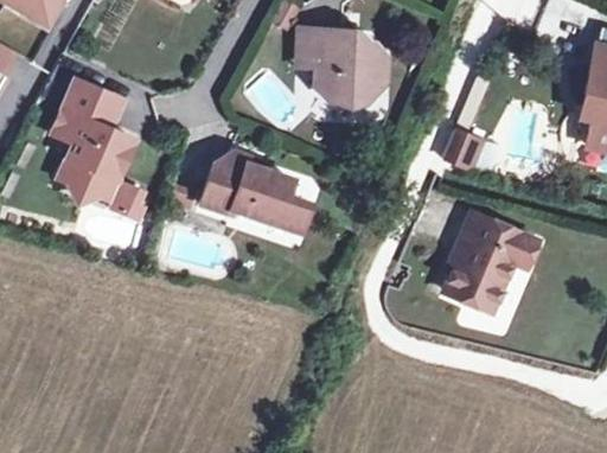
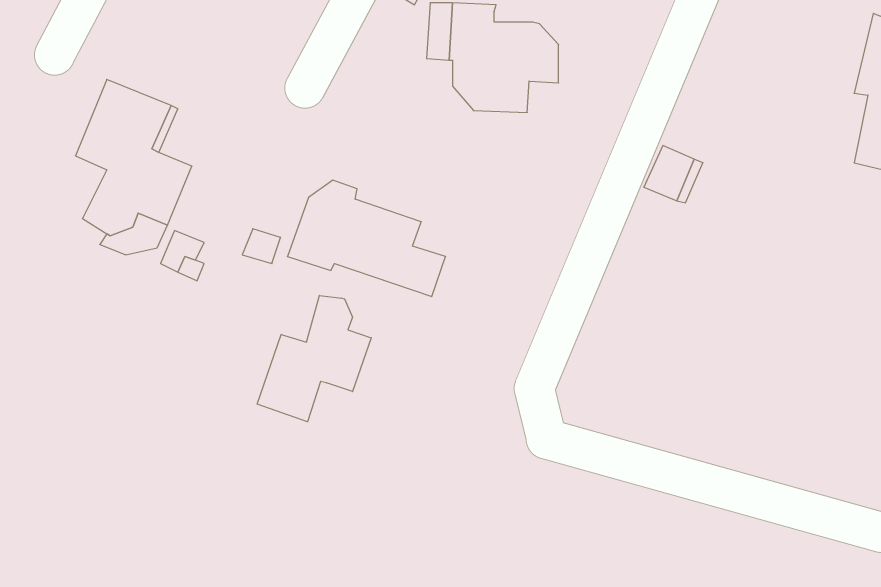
building: [445,211,536,308] -> none
building: none -> [257,295,371,422]

